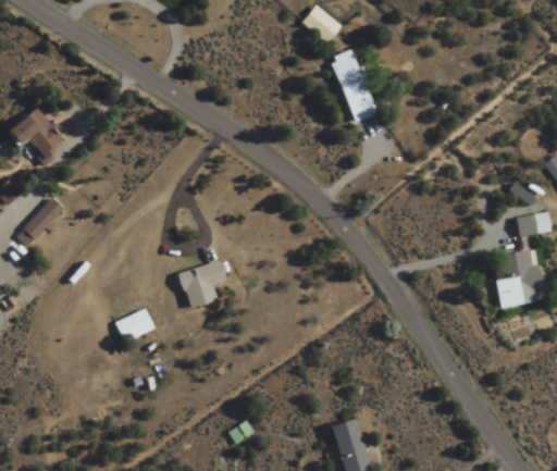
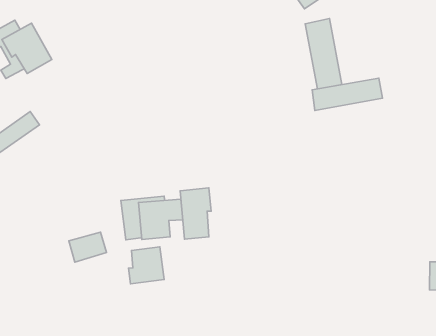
building: none -> [312,78,382,110]
building: none -> [180,188,211,239]
building: none -> [128,247,164,284]

